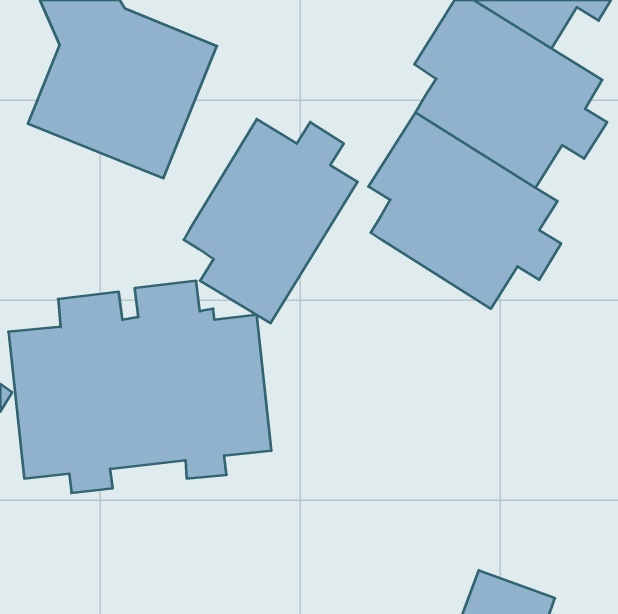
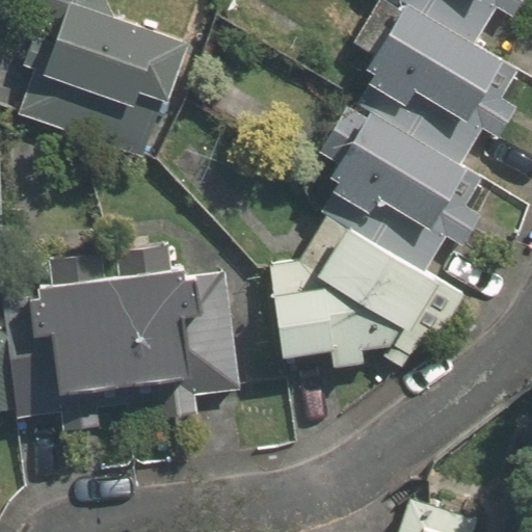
building: [184,119,358,323] -> none
building: none -> [273,210,463,352]

